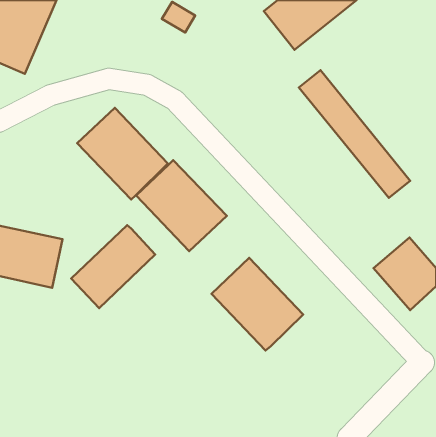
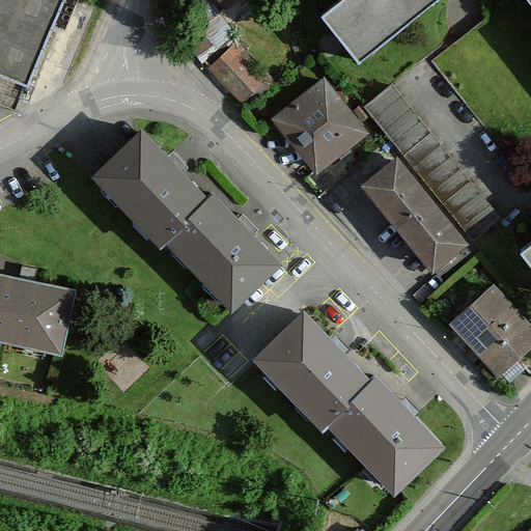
building: none -> [209,49,275,105]
building: none -> [275,81,362,170]
building: none -> [362,158,469,276]
building: [71,225,155,308] -> none
building: none -> [328,376,437,487]

